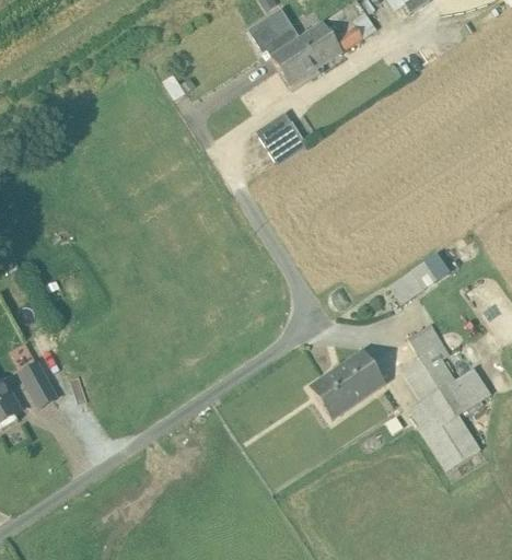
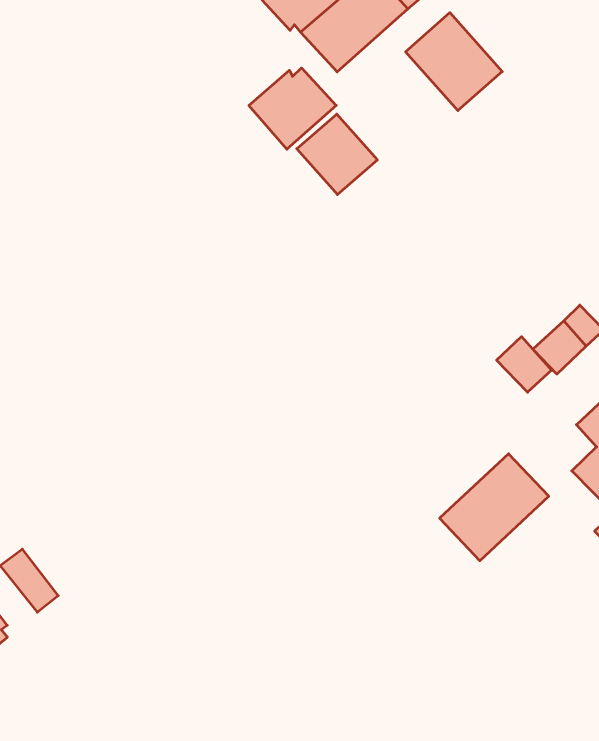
building: none -> [406,13,502,111]
building: none -> [249,68,336,149]
building: none -> [497,337,552,392]

